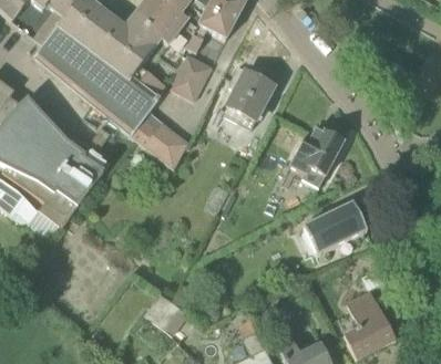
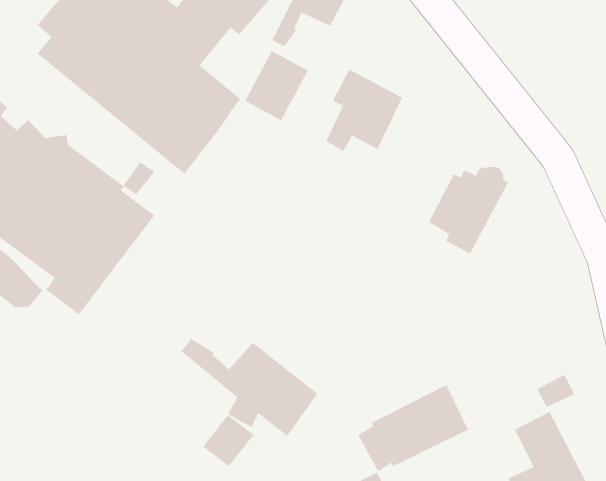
building: [131,108,188,169] -> none
building: [294,200,367,258] -> [357,384,469,472]
building: none -> [181,338,318,437]

